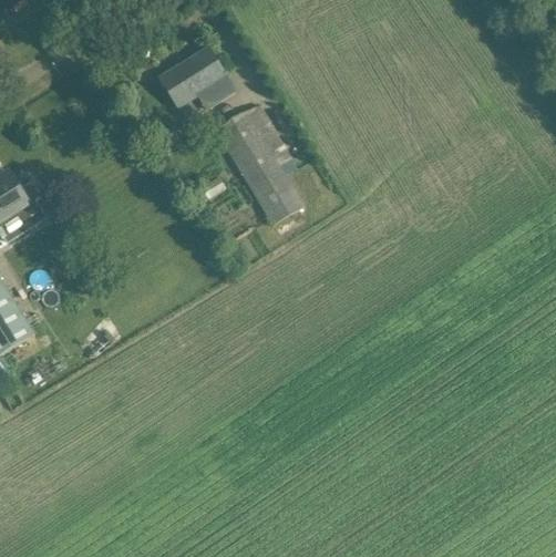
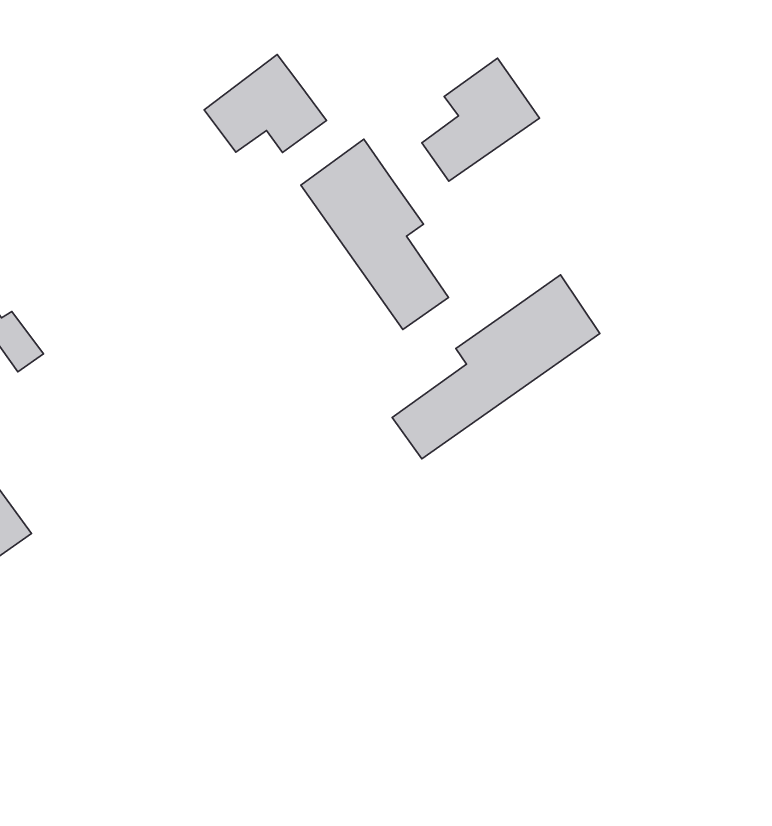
building: none -> [422,58,540,181]
building: none -> [392,275,600,459]

